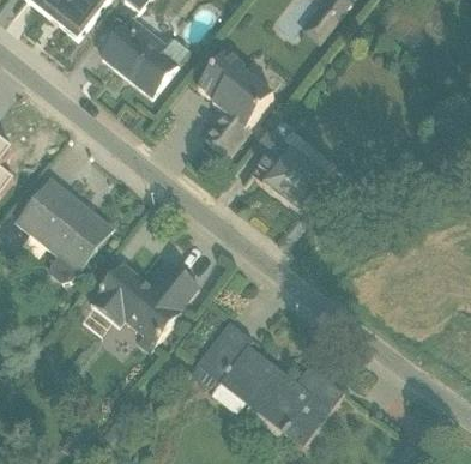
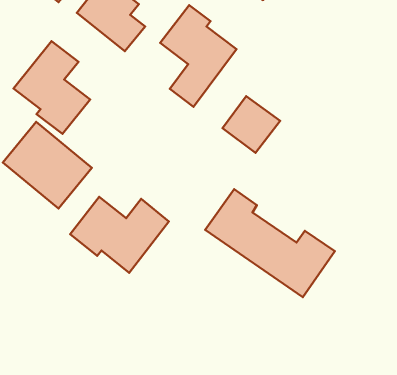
building: none -> [14,41,90,134]
building: [195,320,340,441] -> [205,189,335,297]

